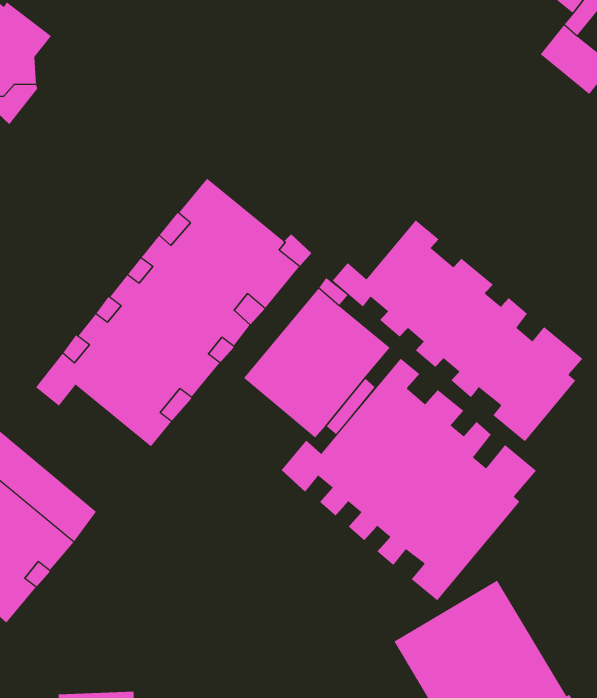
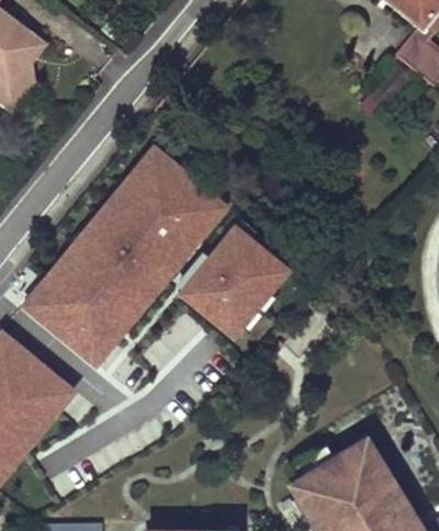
building: [332,219,583,442] -> none
building: [281,358,537,601] -> none
building: none -> [23,297,113,363]

